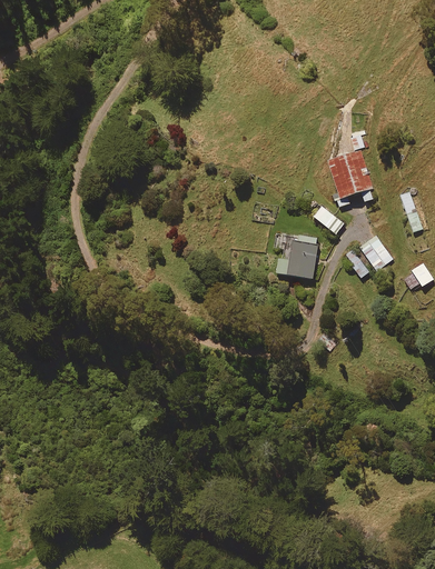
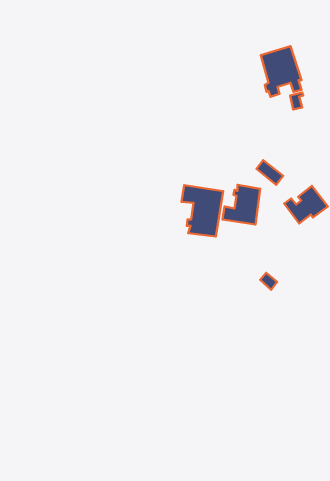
building: [328,151,374,208] -> [261,46,301,97]
building: none -> [182,185,223,237]

